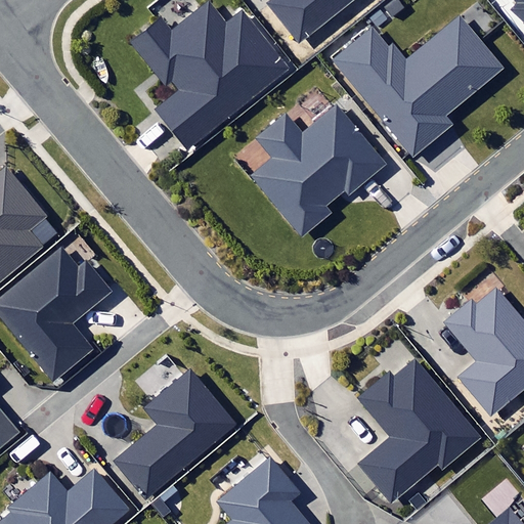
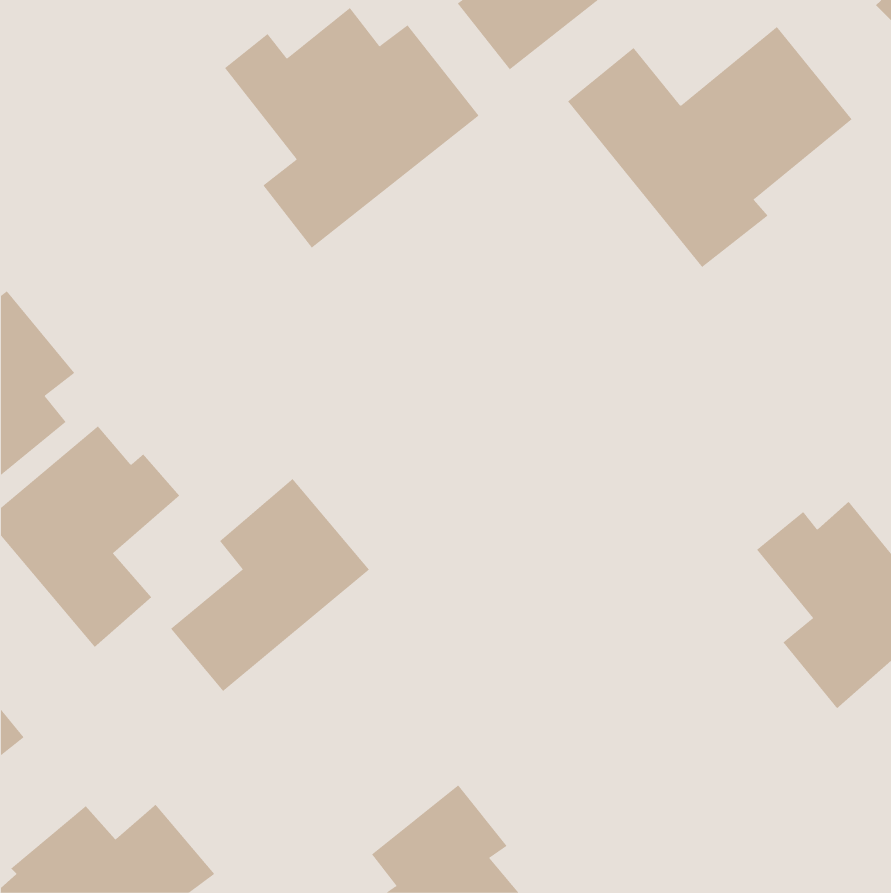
building: [253,107,385,237] -> none
building: [359,361,475,499] -> none
building: [117,372,233,496] -> [170,478,370,692]

